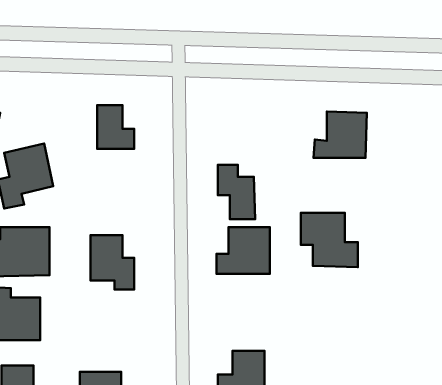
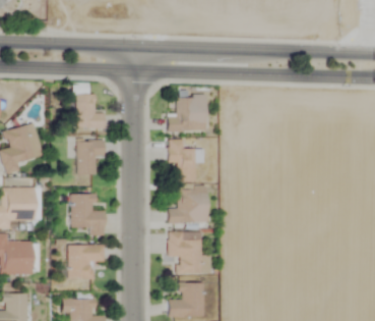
building: [314,111,367,158] -> [167,95,207,130]
building: none -> [77,141,105,174]
building: [301,213,358,267] -> [169,232,212,274]
building: none -> [68,245,104,279]

